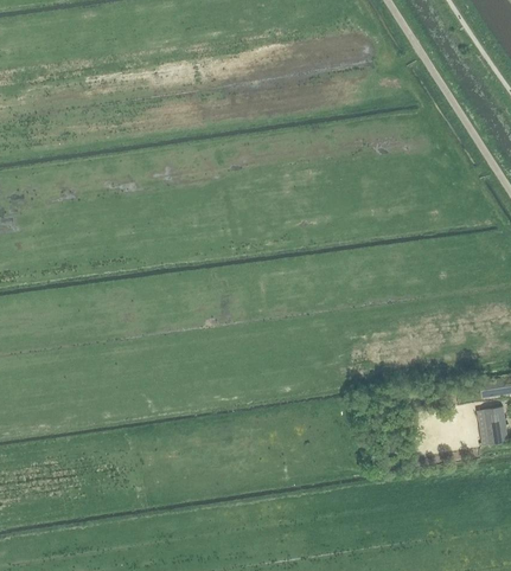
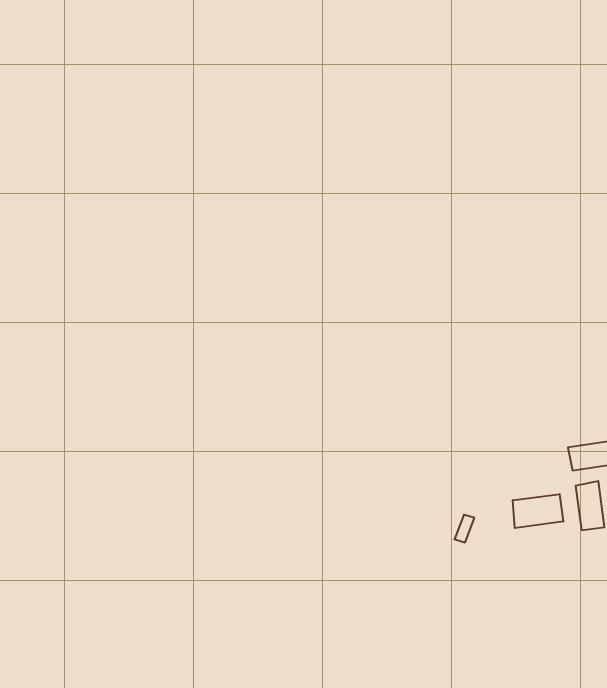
building: none -> [513,494,563,528]

